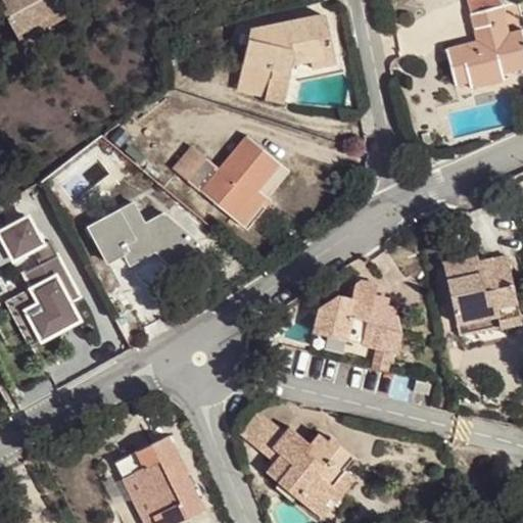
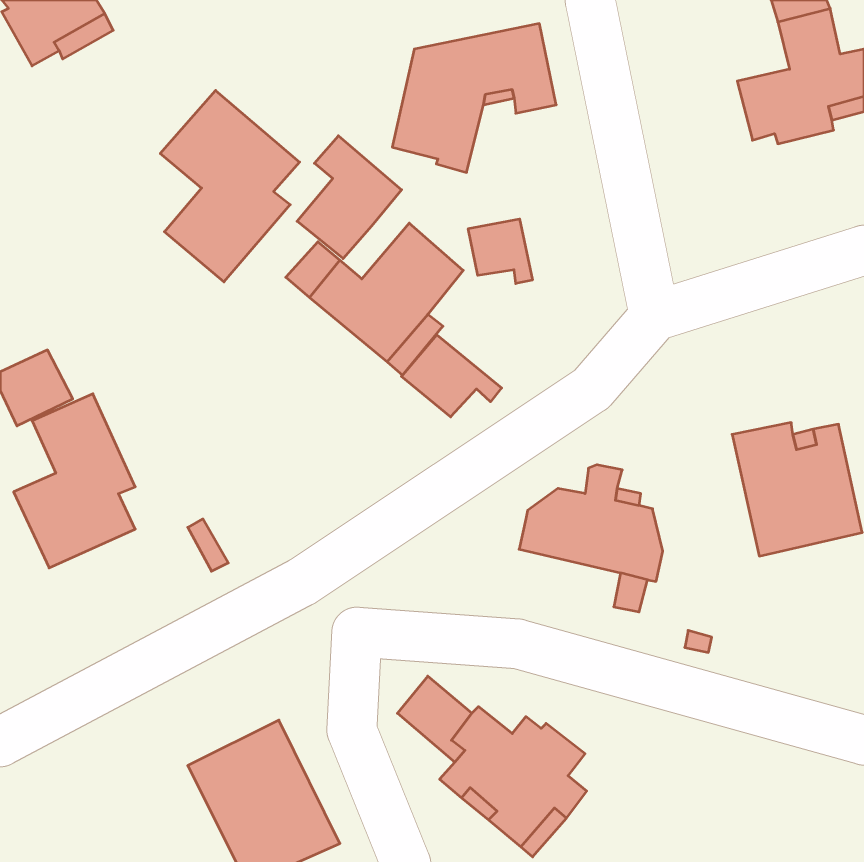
building: none -> [160,90,300,282]
building: none -> [297,136,402,259]
building: none -> [468,219,532,284]
building: [88,202,204,274] -> none
building: none -> [401,335,502,417]

